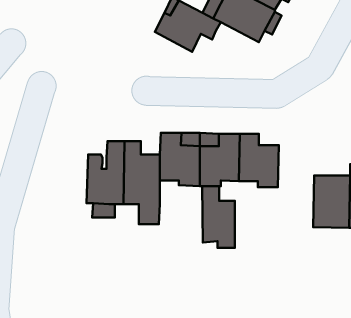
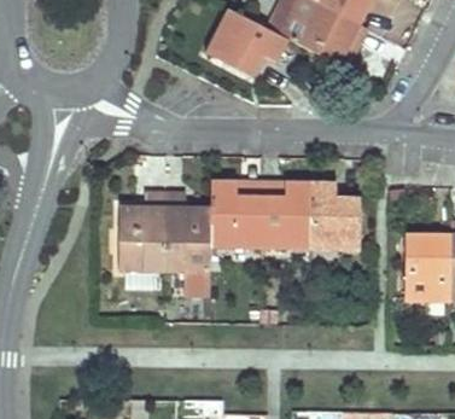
building: [202,186,235,248] -> none

